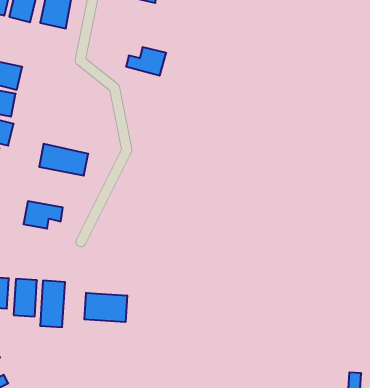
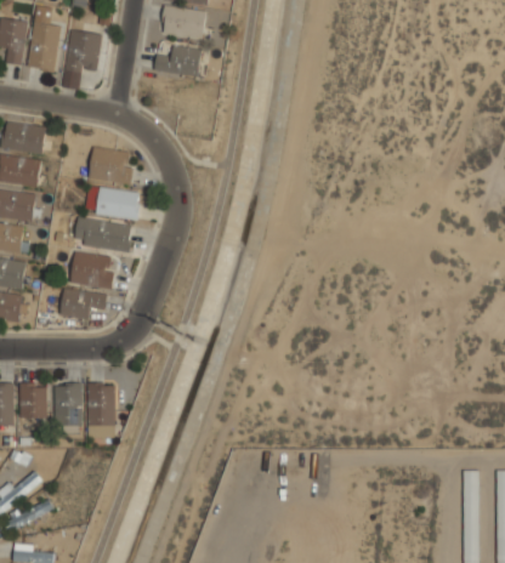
building: [126,47,166,76] -> [154,45,202,78]
building: none -> [89,147,135,184]
building: none -> [85,184,140,220]
building: none -> [69,250,117,290]
building: [84,293,127,322] -> none

